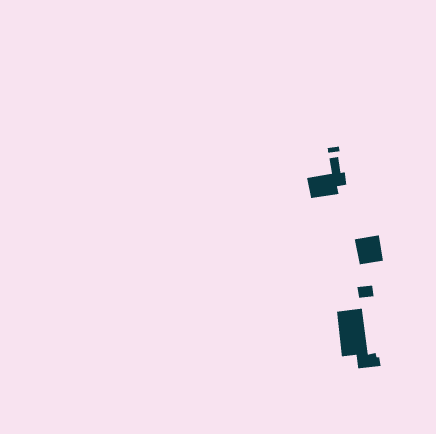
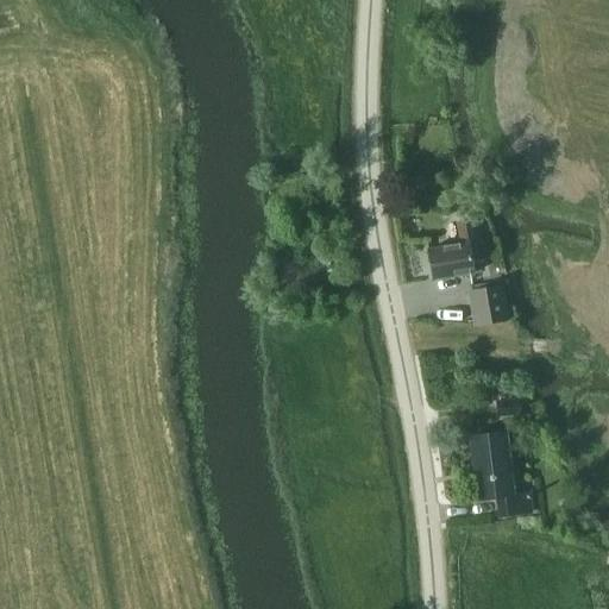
building: [354,235,384,265] -> [466,283,508,326]

